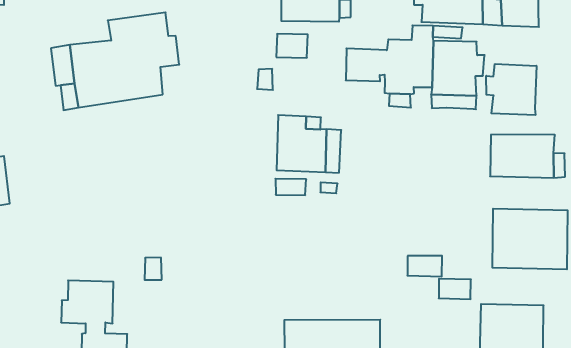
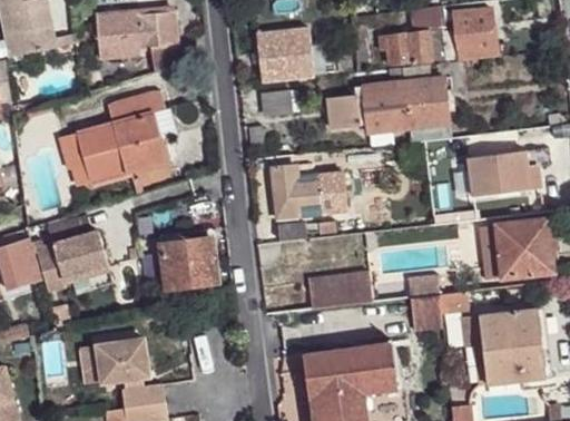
building: [486,64,536,115] -> none
building: none -> [36,229,108,292]
building: none -> [159,237,218,290]
building: none -> [308,271,373,307]
building: none -> [410,295,442,331]

